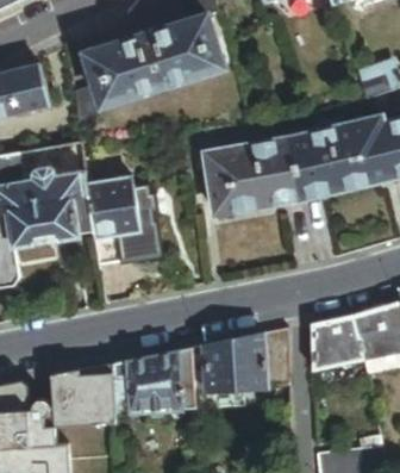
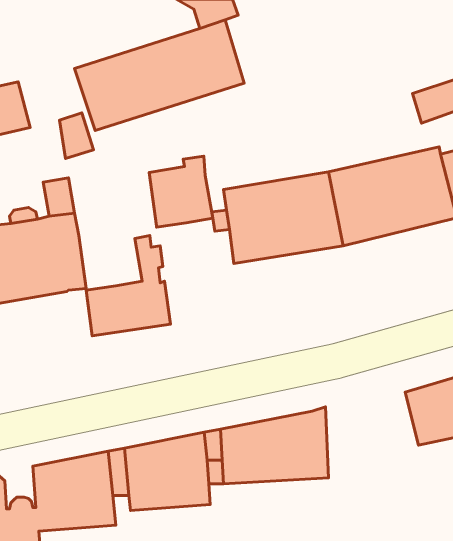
building: [88,178,139,235] -> [149,156,213,227]
building: [311,317,362,369] -> none

